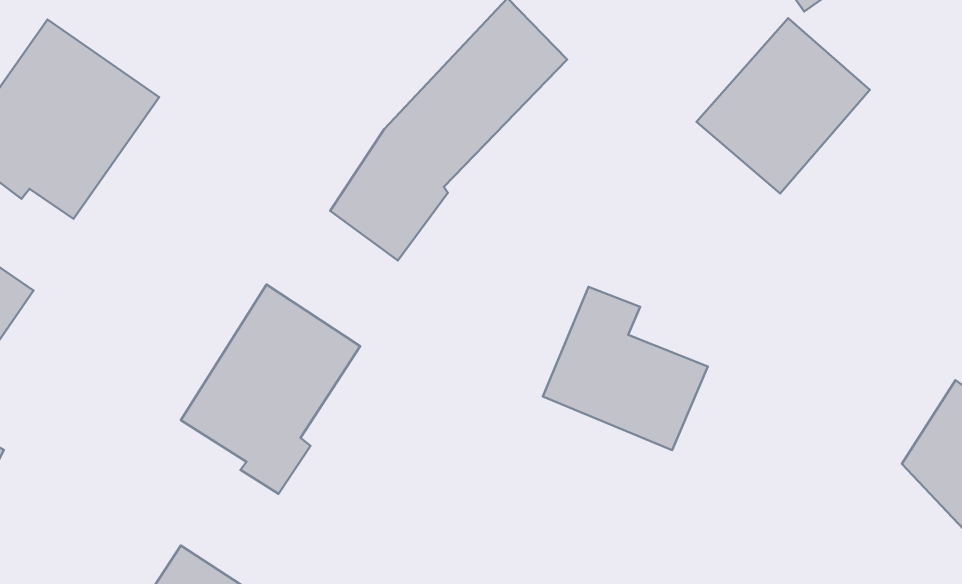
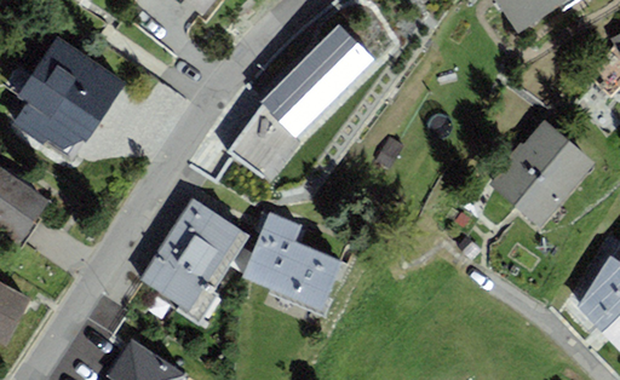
building: [696,18,870,193] -> [489,119,595,225]
building: [543,287,708,450] -> [243,212,344,311]

